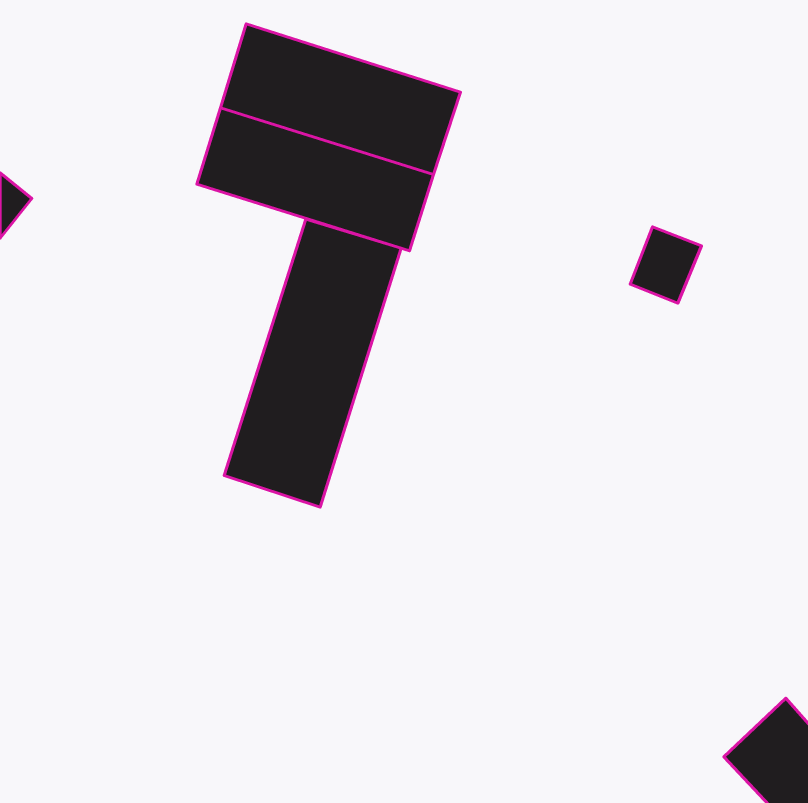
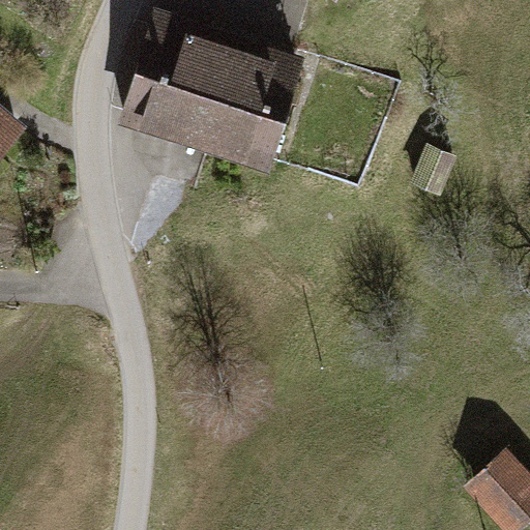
building: [224,219,401,507] -> none

